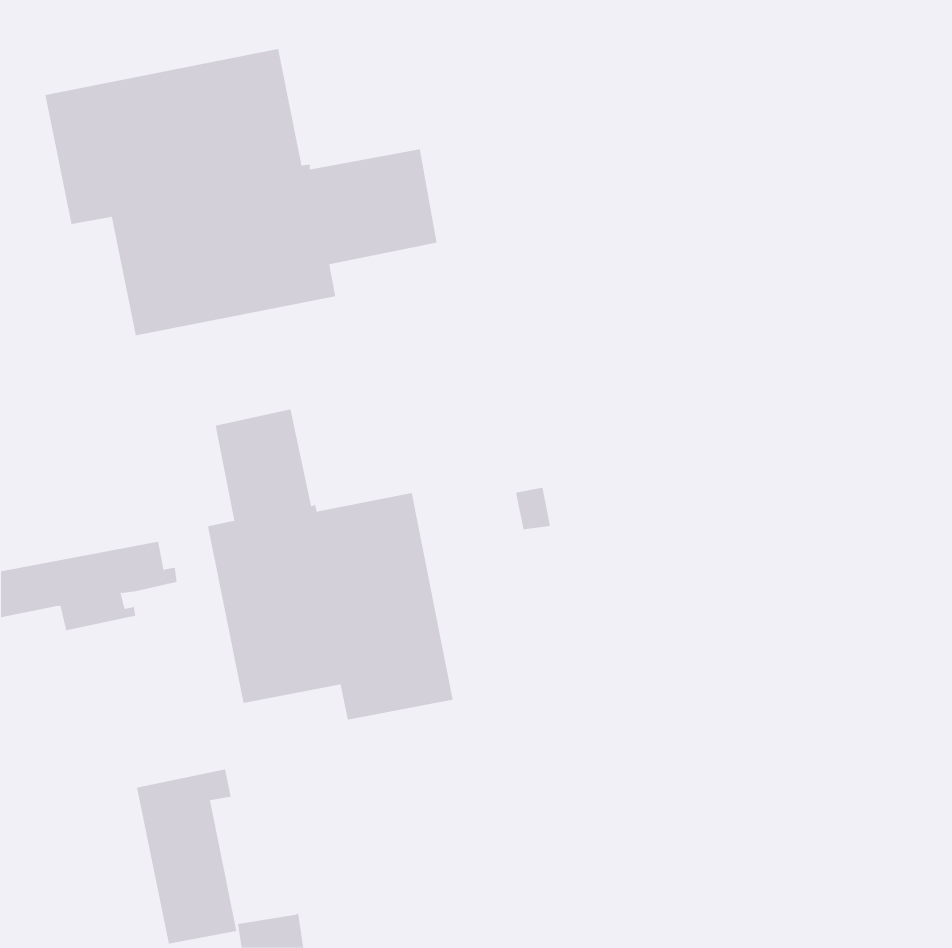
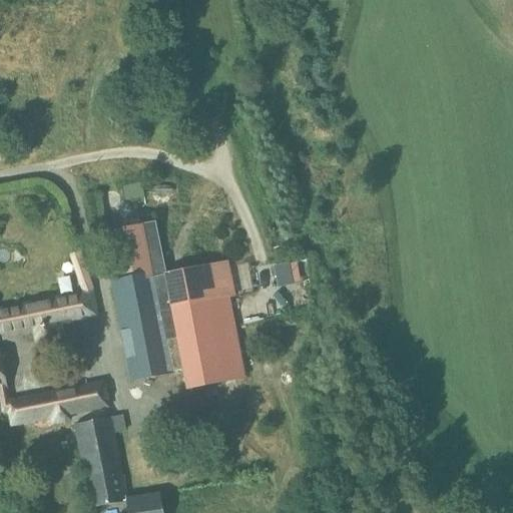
building: [45,48,437,336] -> none
building: none -> [7,380,108,423]

